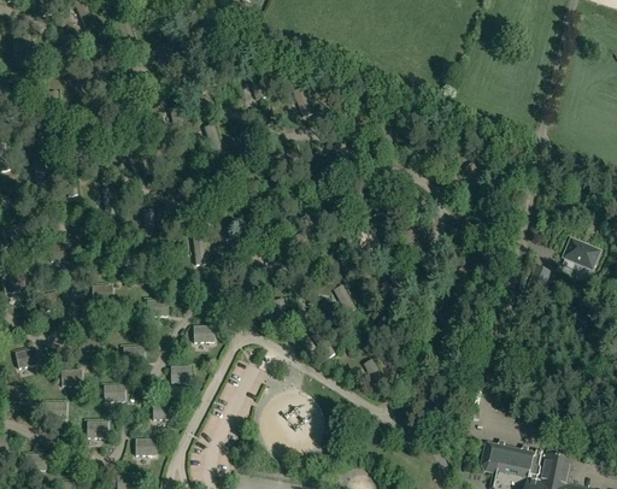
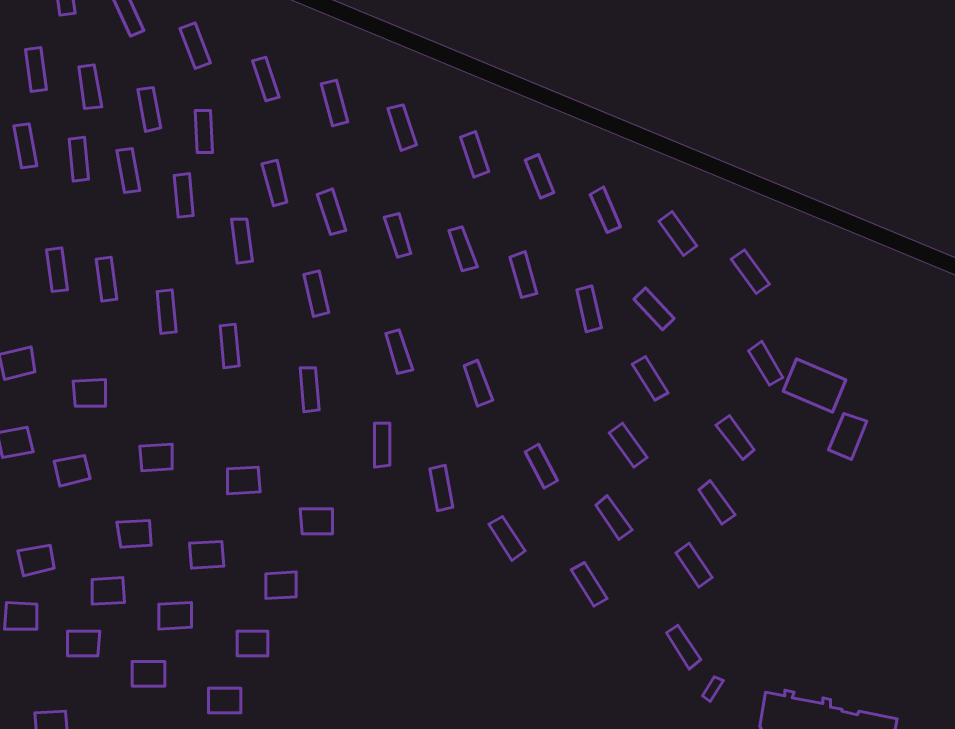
building: [560,237,600,271] -> [783,359,846,412]

